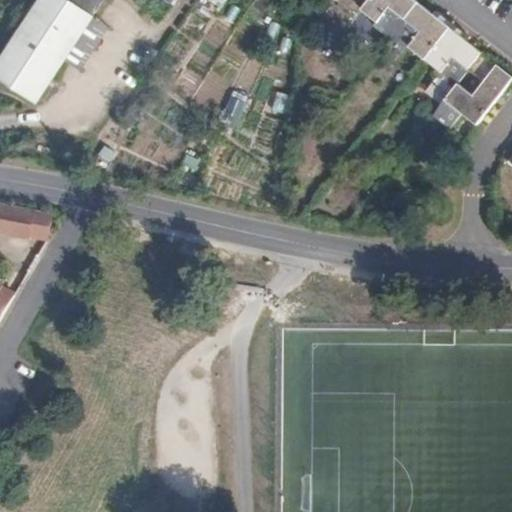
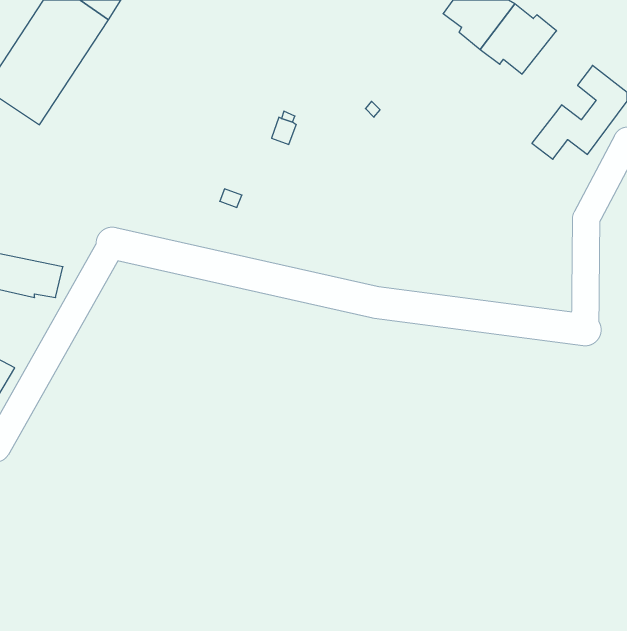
building: [423,25,480,89] -> none

